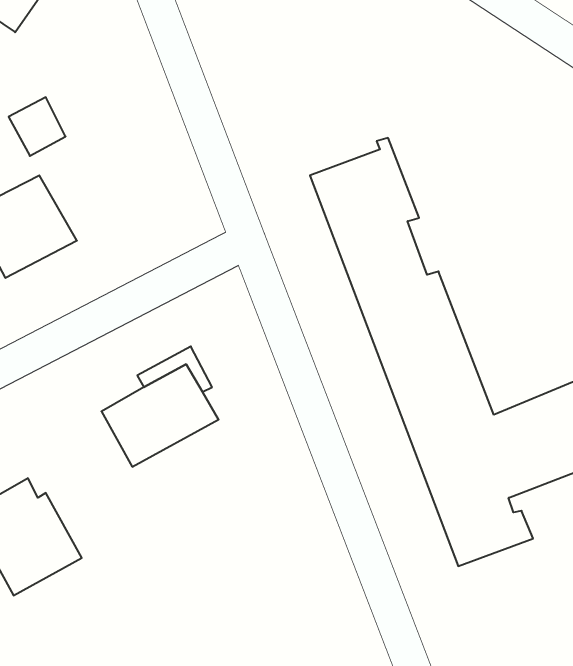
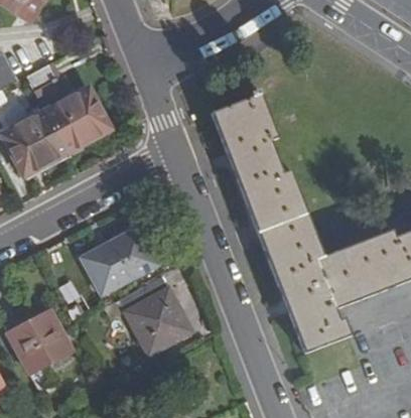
building: none -> [44,89,108,151]
building: none -> [117,274,191,353]

